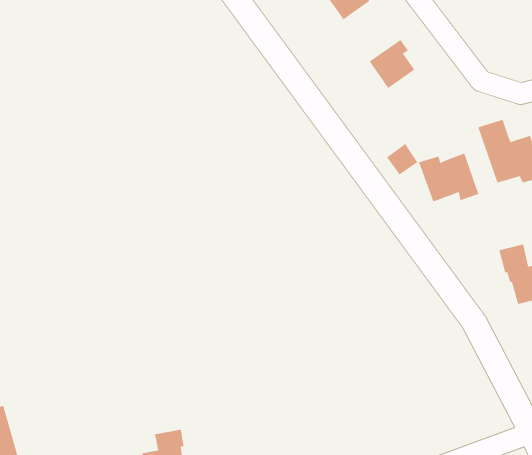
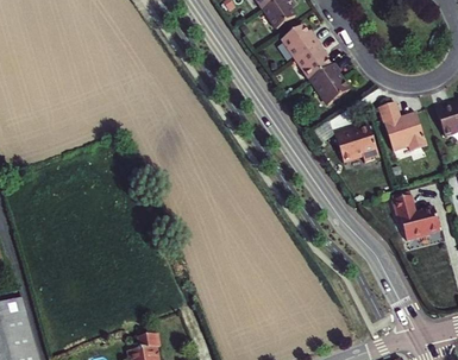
building: none -> [281,23,320,58]
building: none -> [310,62,349,102]

